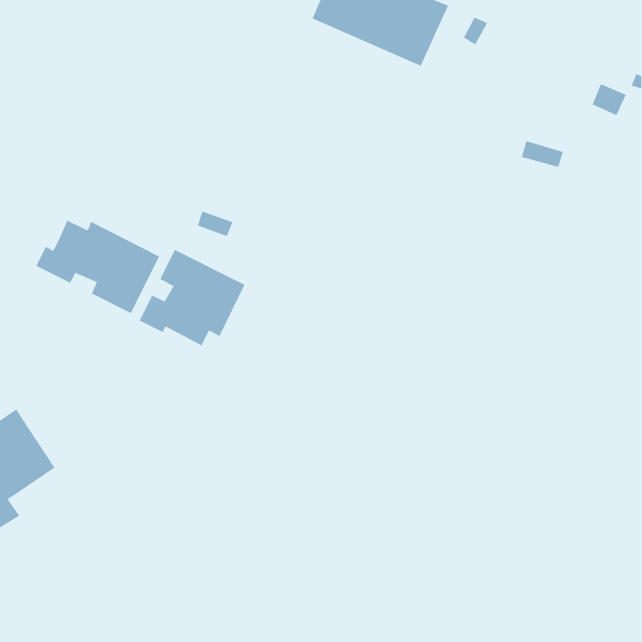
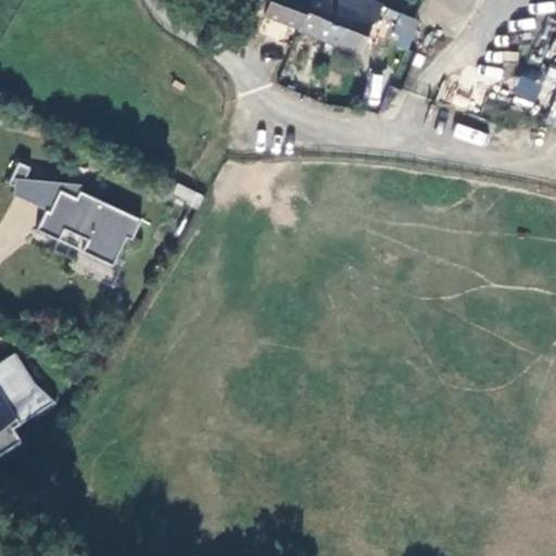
building: none -> [7,155,70,206]
building: [138,249,245,347] -> none

